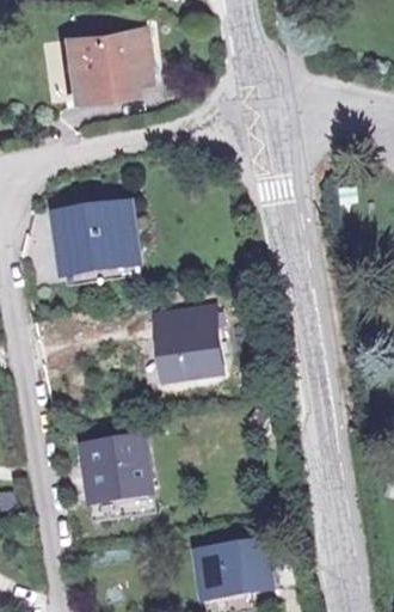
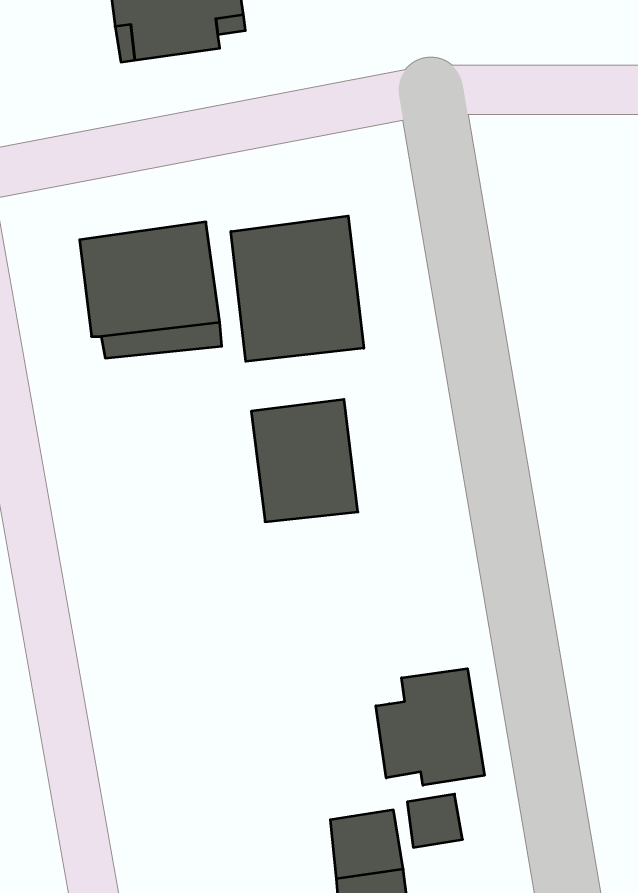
building: none -> [231,216,364,361]
building: [84,435,148,496] -> none
building: none -> [376,669,484,785]

